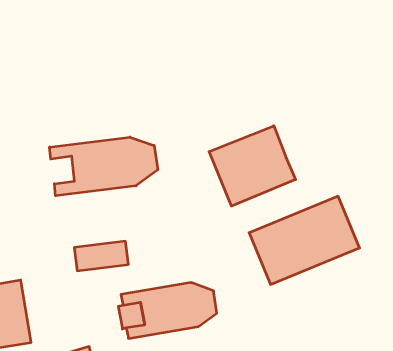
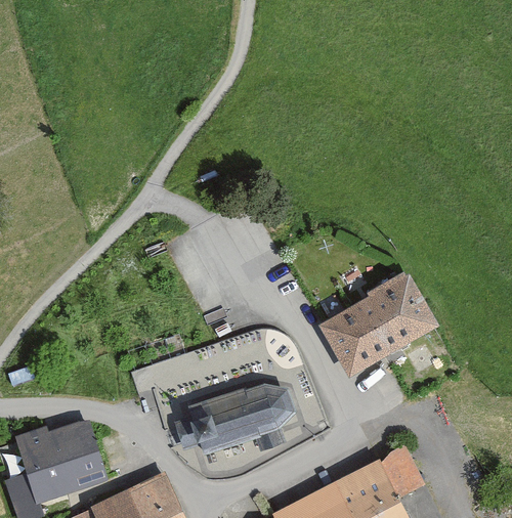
building: [209,126,296,206] -> none
building: [50,137,158,196] -> none

